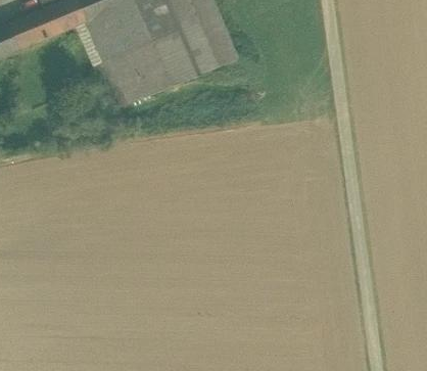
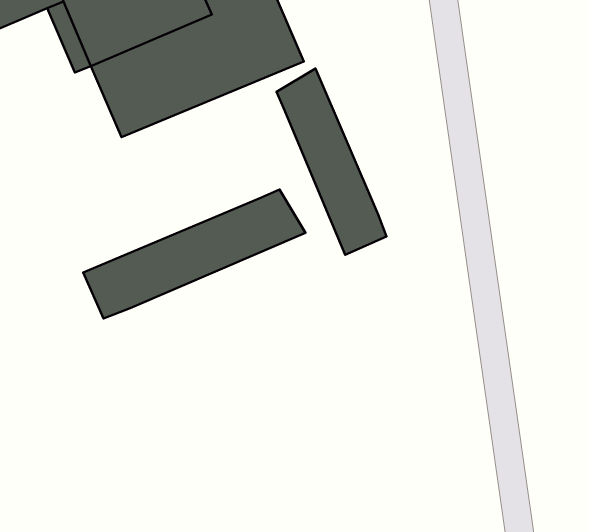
building: none -> [276,69,387,255]
building: none -> [83,190,306,318]

